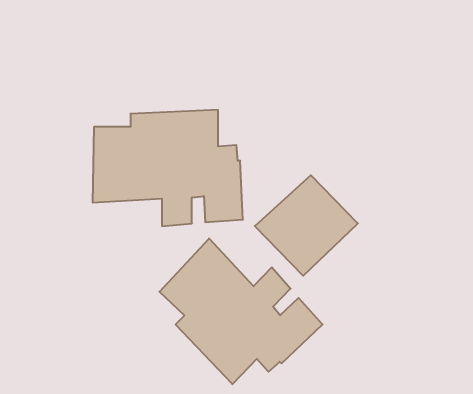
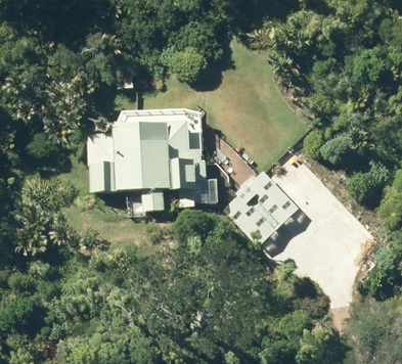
building: [159,238,323,384] -> none

